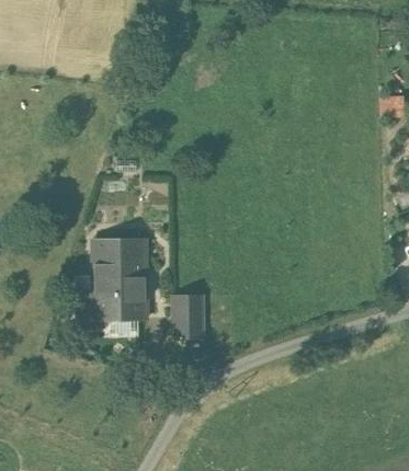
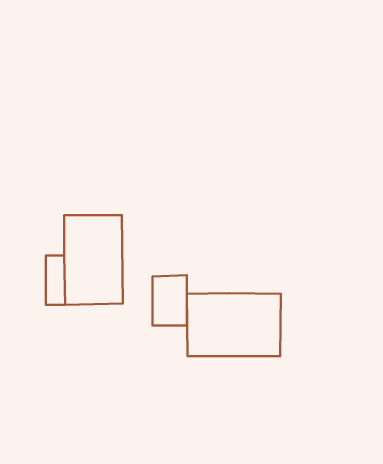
building: none -> [187,293,281,356]

